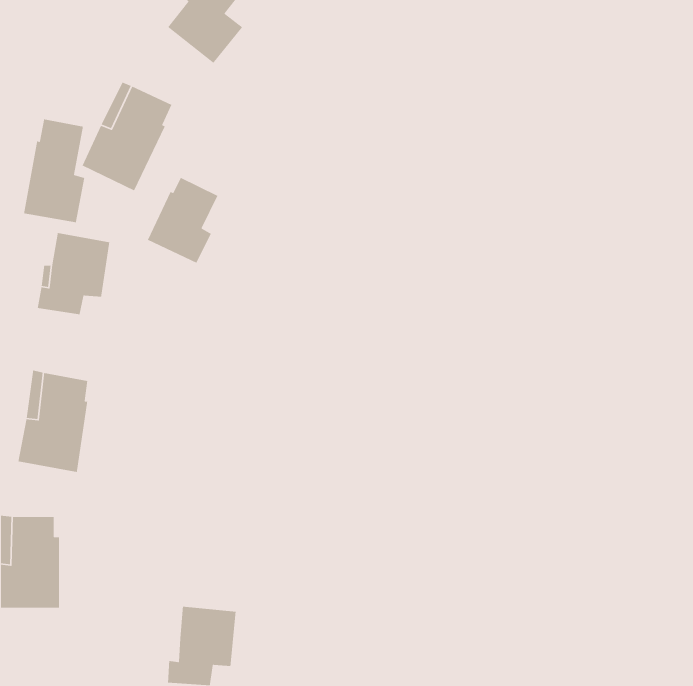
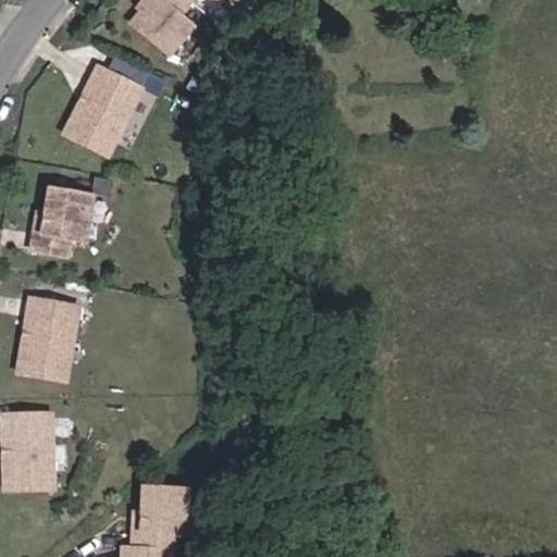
building: [23,118,85,223] -> none
building: [147,177,218,264] -> none

